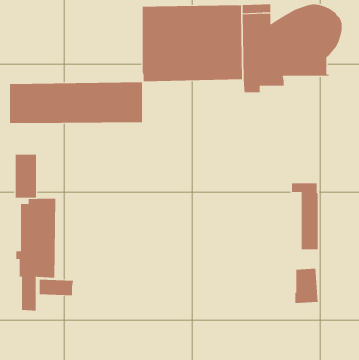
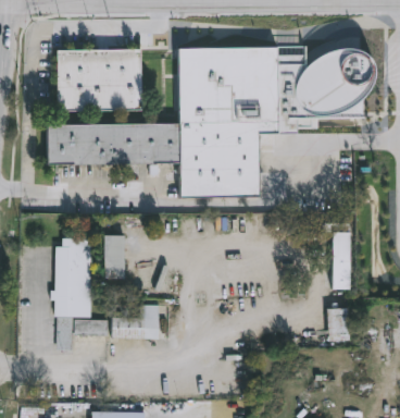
building: none -> [54,49,141,111]
building: none -> [177,121,277,199]
building: [15,154,37,198] -> [103,235,125,279]
building: none -> [112,305,159,340]

